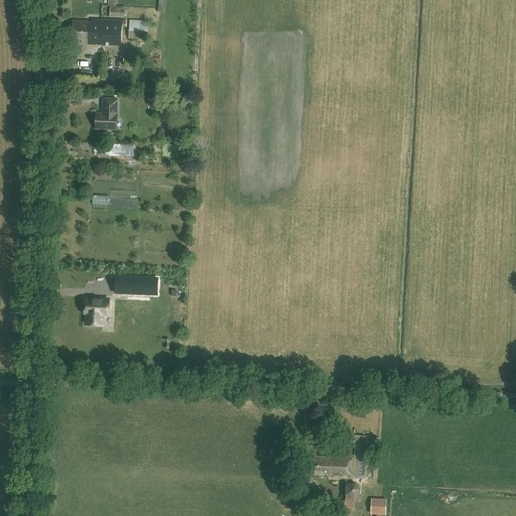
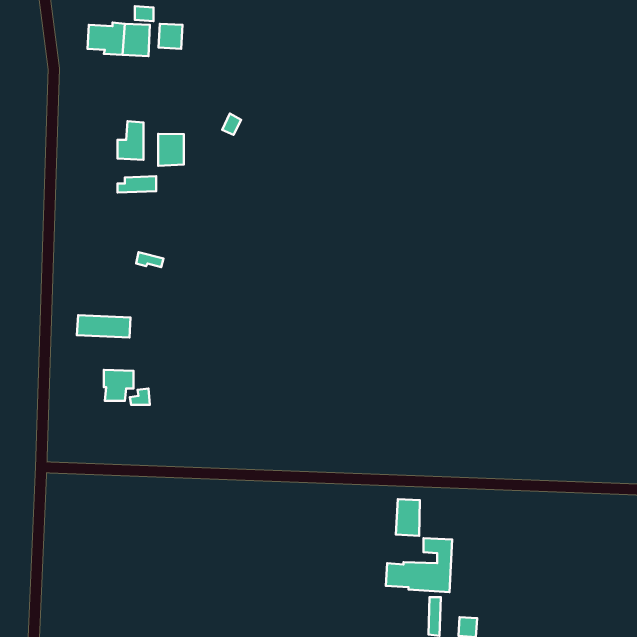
building: none -> [158,134,184,166]
building: [114,276,157,294] -> [77,315,131,338]
building: none -> [396,499,420,536]

